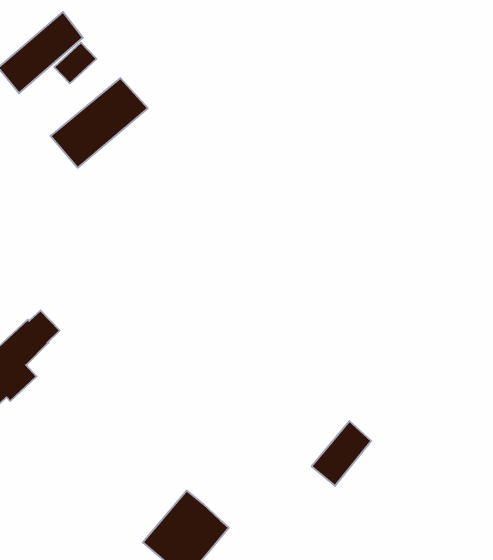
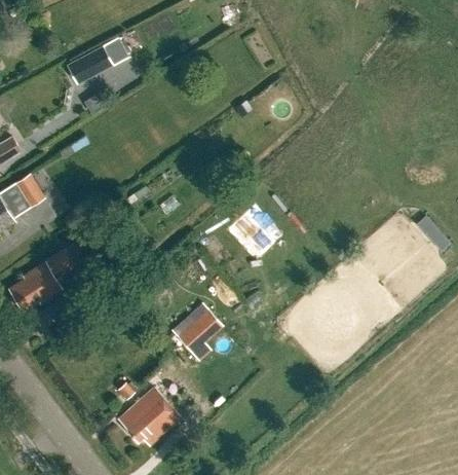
building: [51,78,148,168] -> none
building: [312,421,371,486] -> [176,309,221,354]

